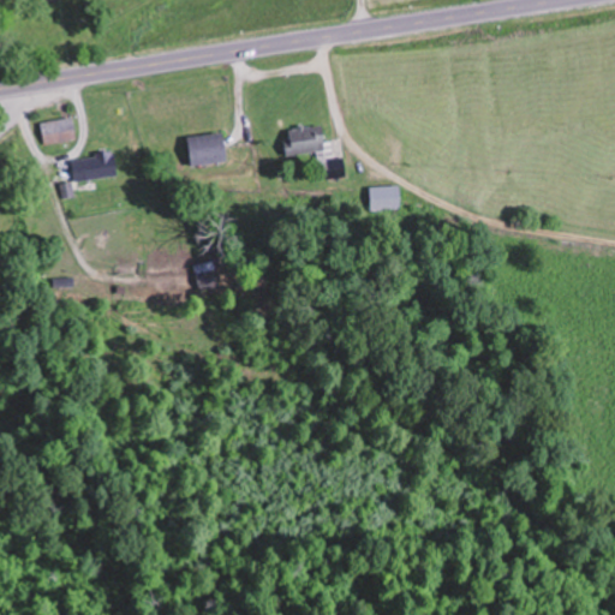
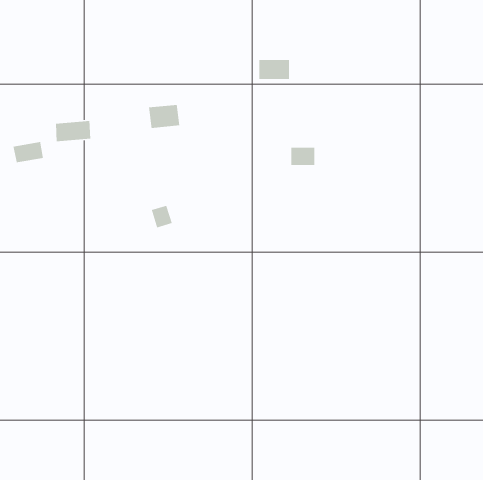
building: [35,118,74,145] -> [12,141,44,163]
building: [285,127,324,154] -> [259,59,290,80]

